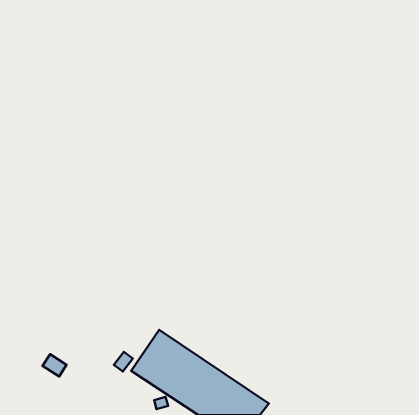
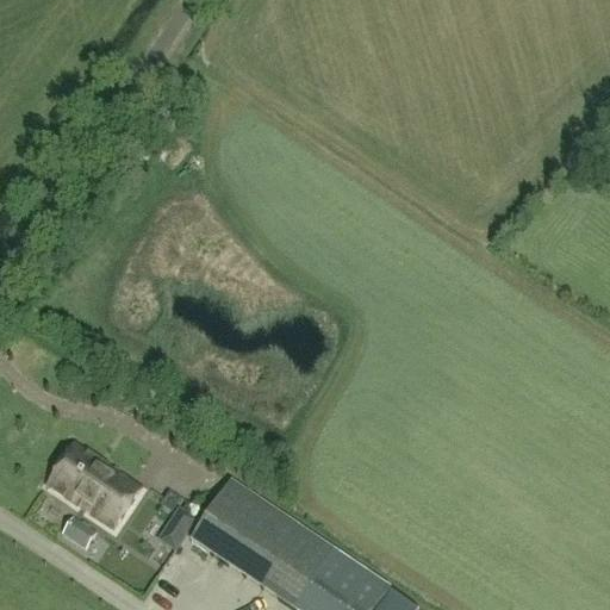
building: none -> [44,440,143,530]

